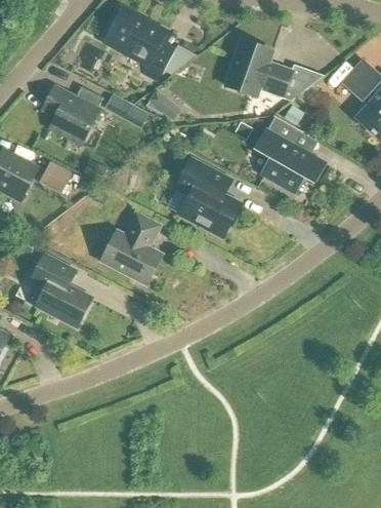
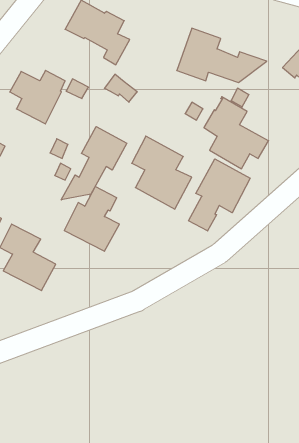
building: none -> [61,127,127,200]
building: [39,161,71,193] -> none
building: none -> [189,159,250,231]

